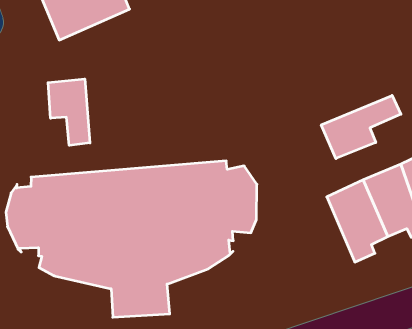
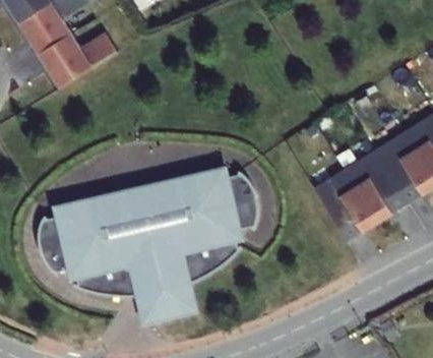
building: [48,79,90,145] -> none
building: [321,95,401,159] -> none

